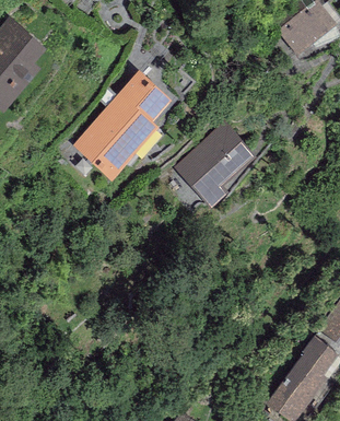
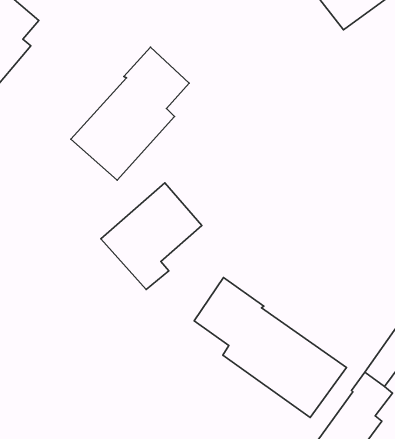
building: [173,121,256,209] -> [101,183,202,289]
building: none -> [194,277,346,417]

